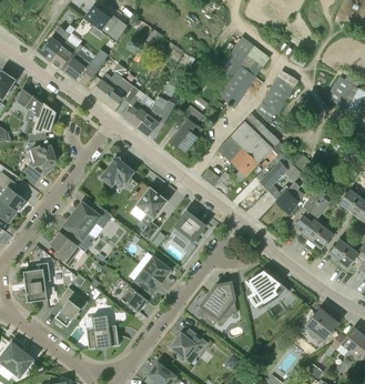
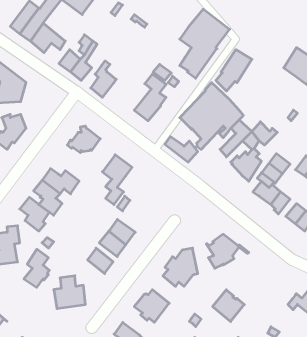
building: [135,101,173,137] -> none
building: [171,213,203,249] -> none
building: [304,307,337,341] -> [213,290,244,322]

